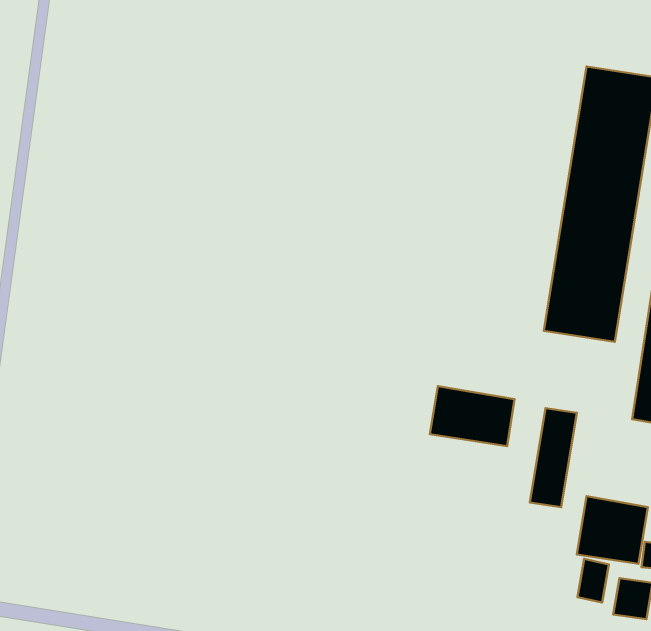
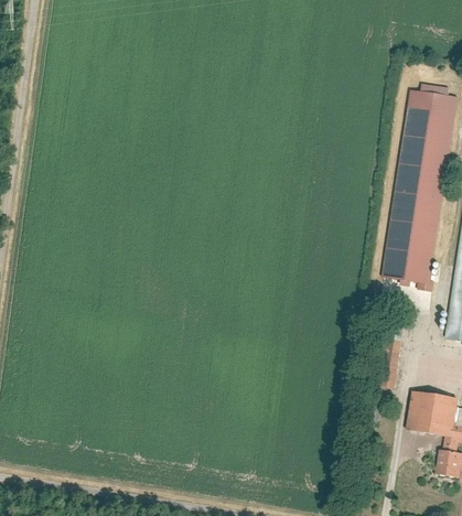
building: [430,386,515,446] -> none
building: [577,559,609,602] -> none

